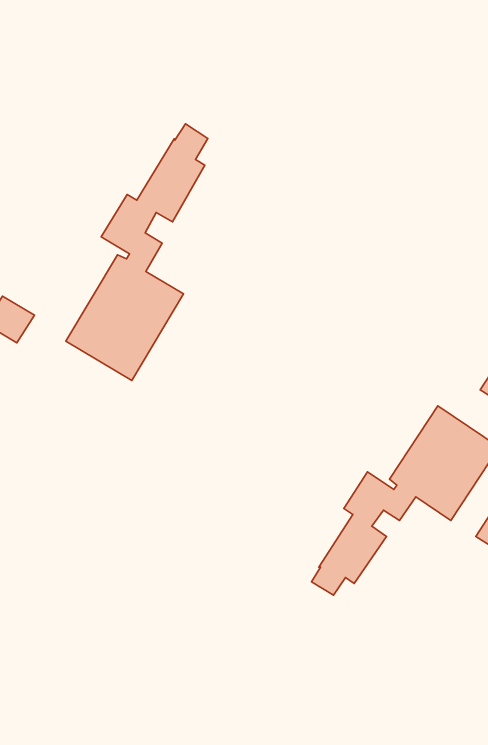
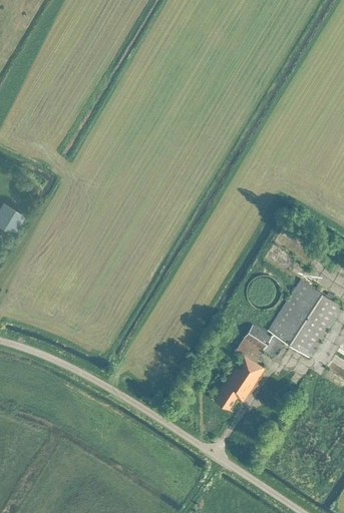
building: [66,124,208,380] -> none

